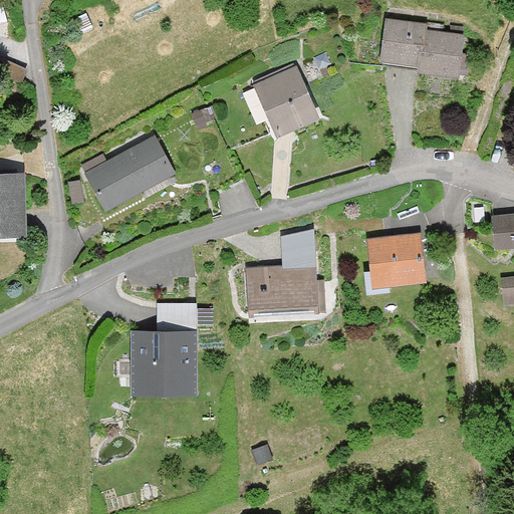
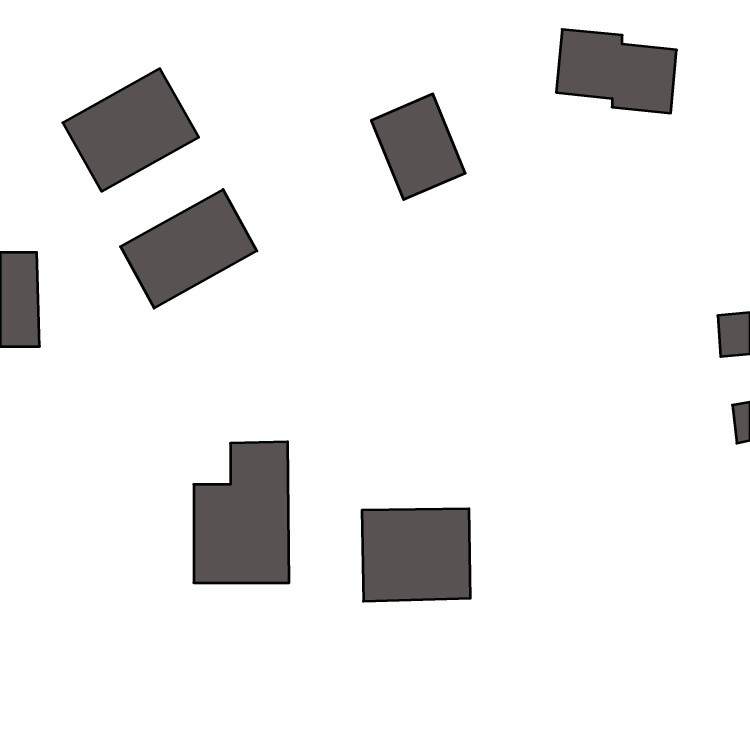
building: none -> [63,69,199,191]
building: [366,233,428,288] -> none
building: [246,250,320,313] -> [362,509,470,601]

